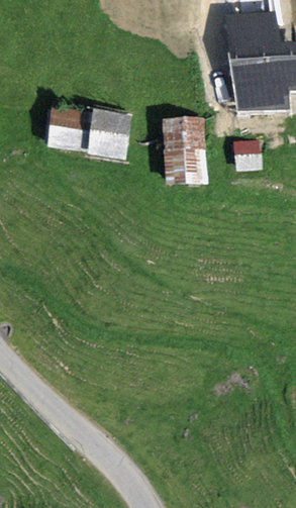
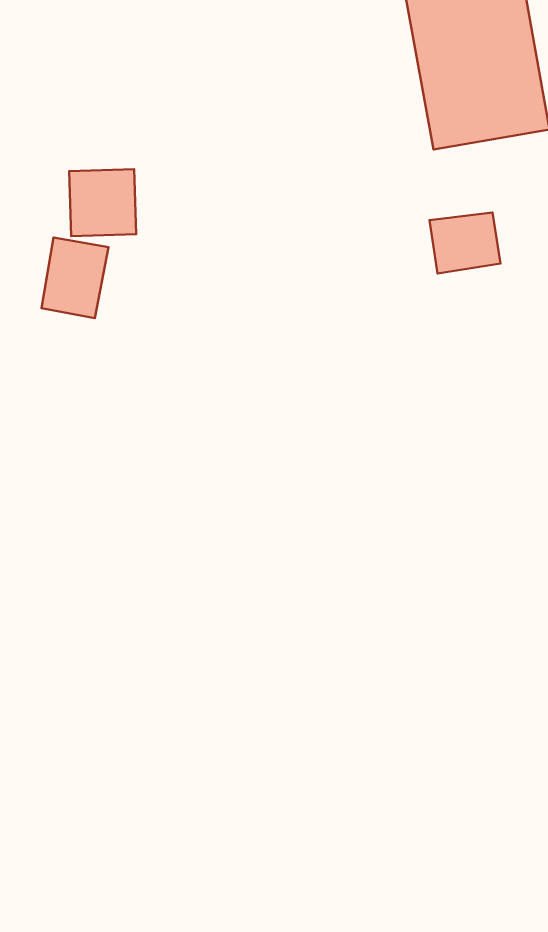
building: [95,115,129,157] -> [42,237,109,318]
building: [165,118,208,180] -> none

